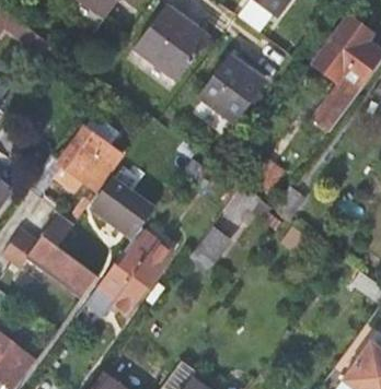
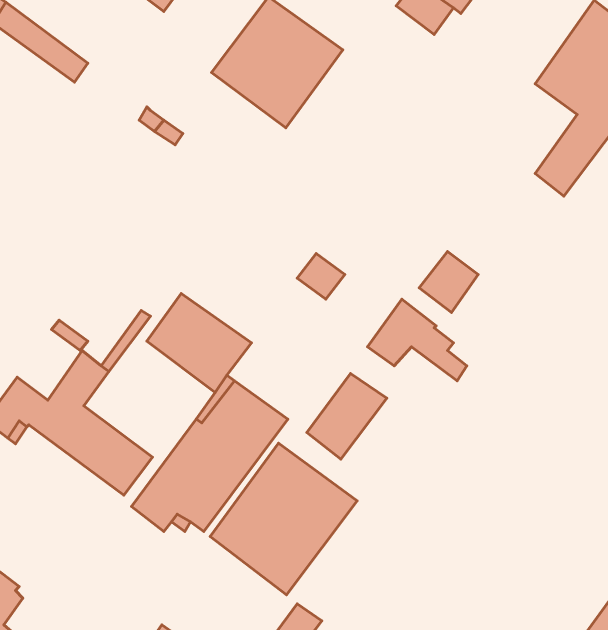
building: [195,52,263,122] -> none
building: [54,125,123,191] -> none
building: none -> [210,443,357,595]

